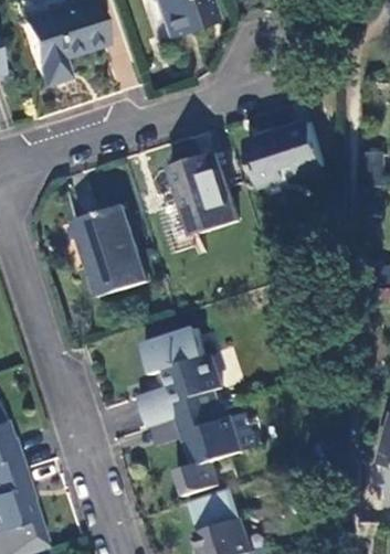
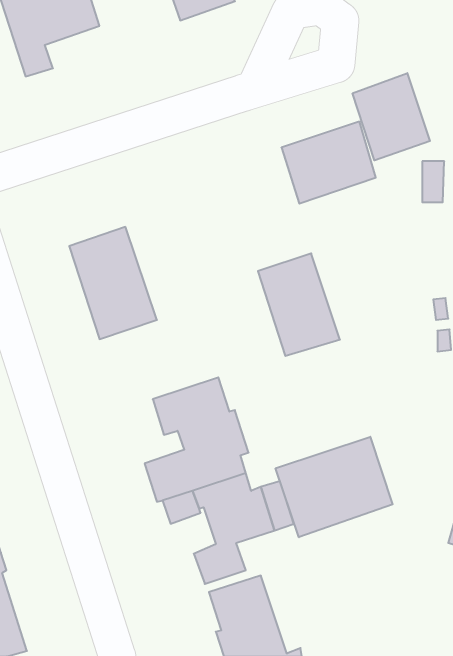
building: none -> [353,73,430,160]
building: [173,151,240,234] -> [258,253,340,356]
building: none -> [276,437,393,537]

